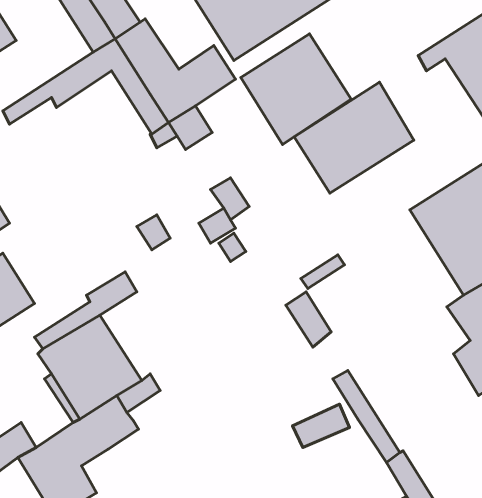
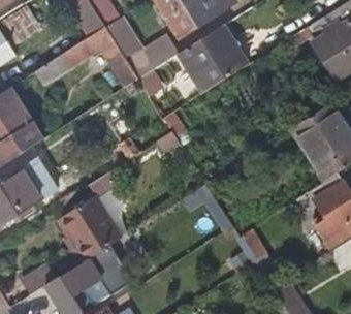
building: [294,82,414,193] -> none

